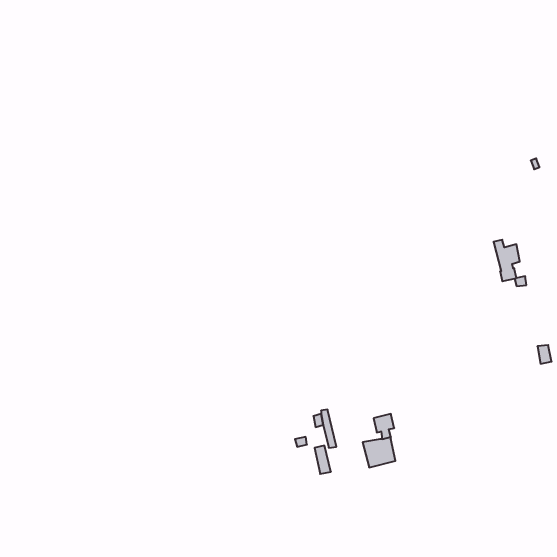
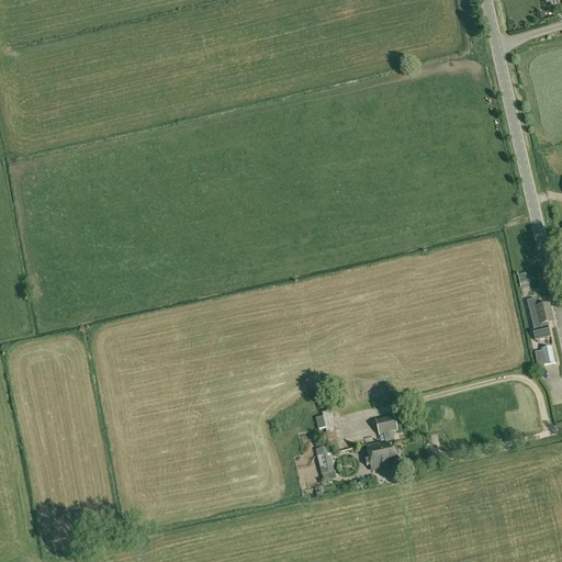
building: [493,240,520,281] -> [526,299,552,340]

